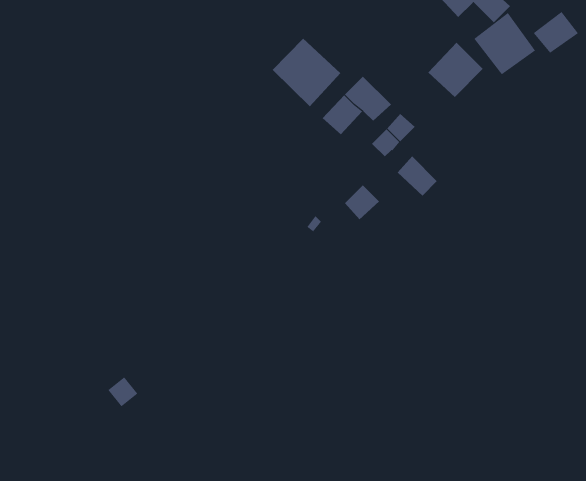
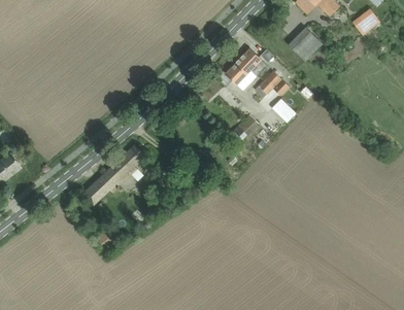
building: [474,12,536,75] -> none
building: [272,38,341,107] -> none
building: none -> [82,144,145,205]

